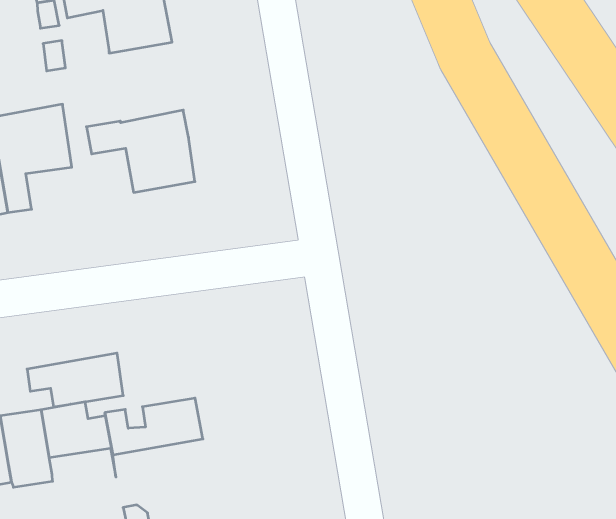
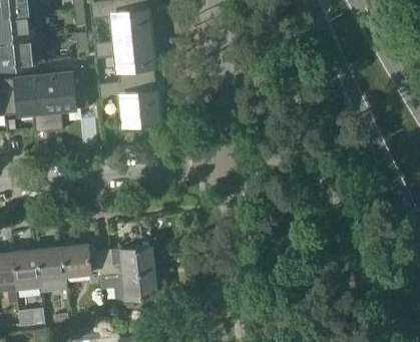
building: none -> [93,37,154,82]
building: [27,353,123,407] -> [100,270,155,299]

